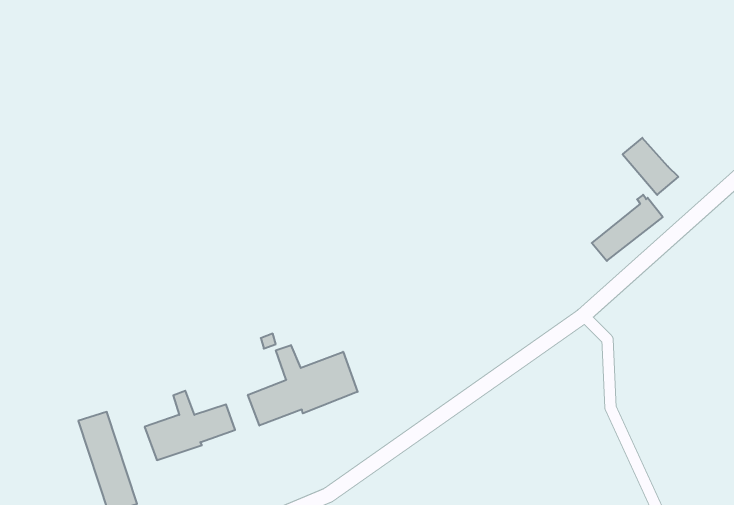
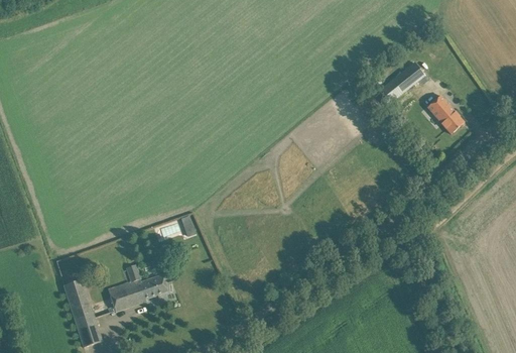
building: [592,195,663,261] -> [377,60,424,104]
building: [248,345,358,426] -> none

